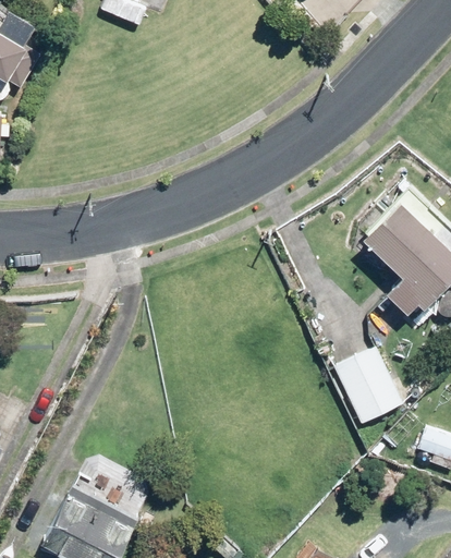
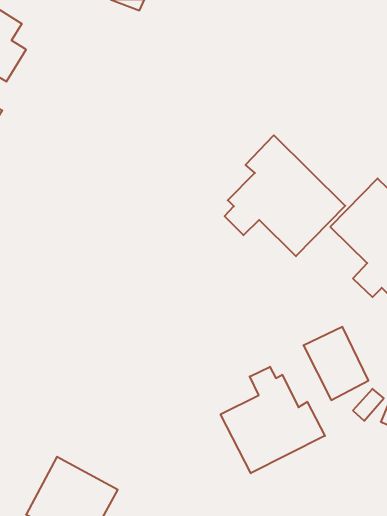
building: none -> [225,135,345,256]
building: none -> [221,367,325,473]

